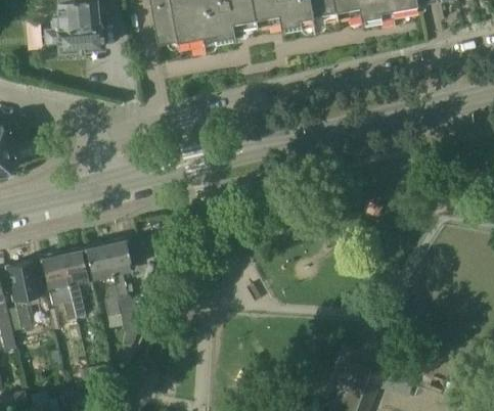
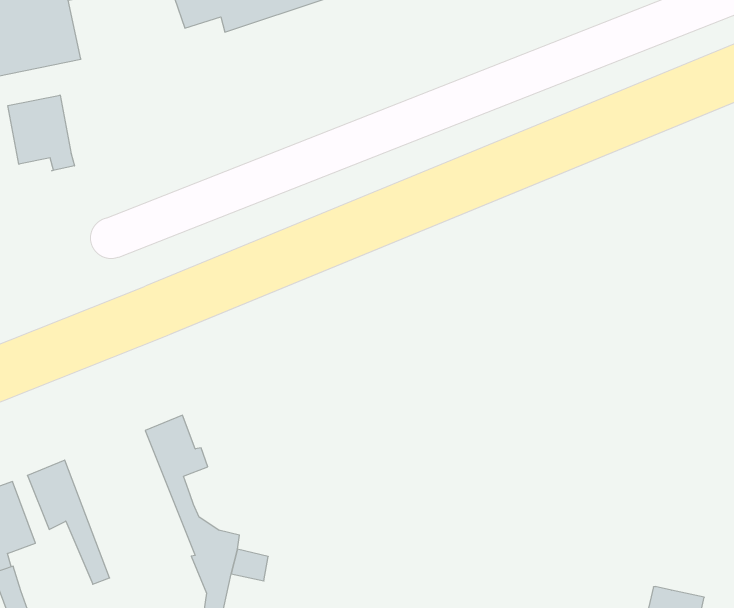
building: none -> [8,95,74,171]
building: [87,244,123,316] -> none
building: [62,249,89,318] -> none

